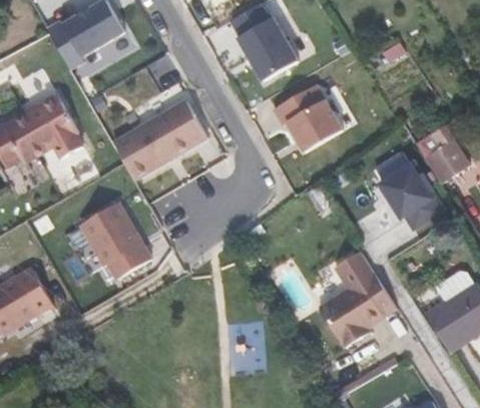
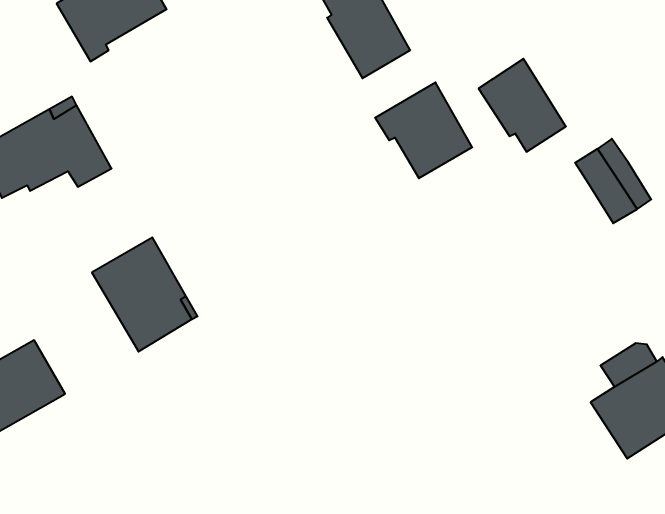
building: [112,99,206,178] -> none
building: [380,164,442,231] -> [479,59,566,152]
building: [319,250,397,346] -> none

